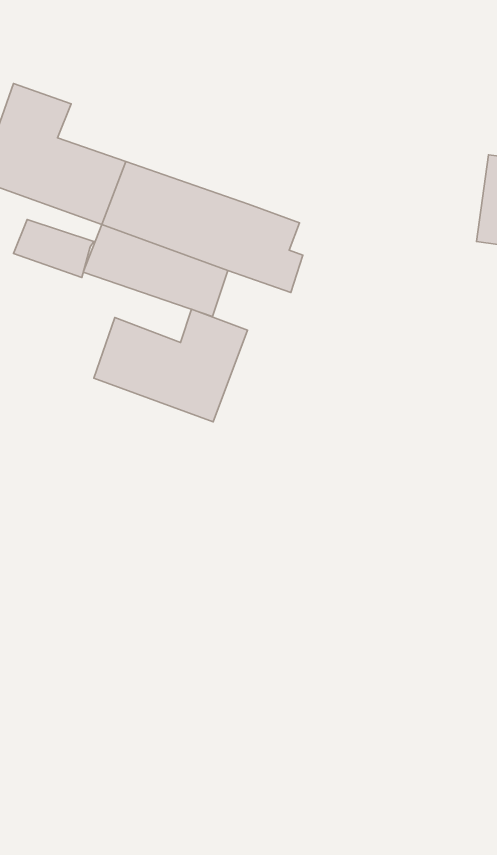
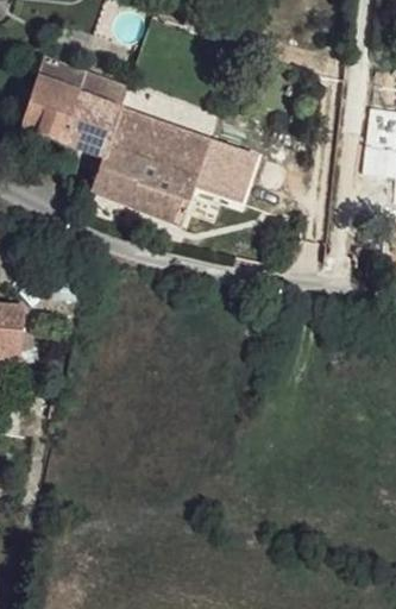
building: [14,219,94,277] -> [73,75,128,115]
building: [94,309,248,422] -> none

